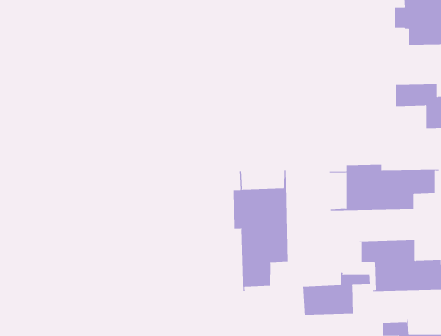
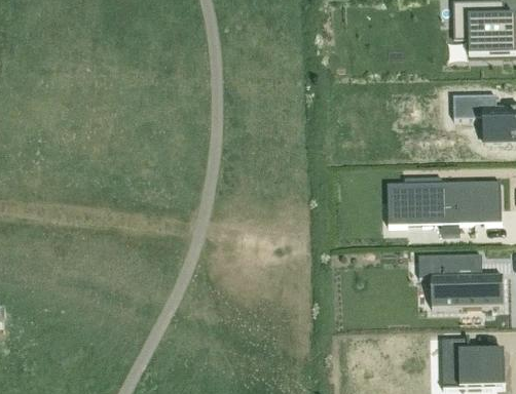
building: [233,170,288,292] -> none
building: [302,272,371,316] -> none

